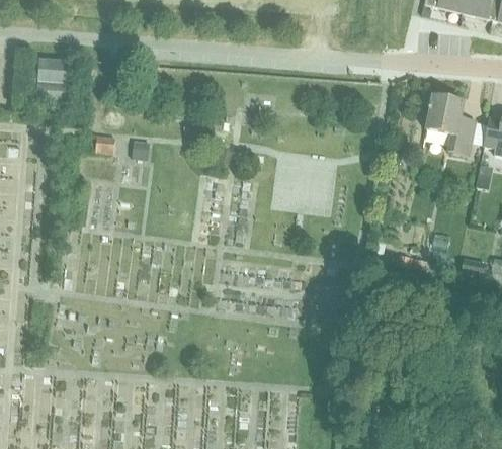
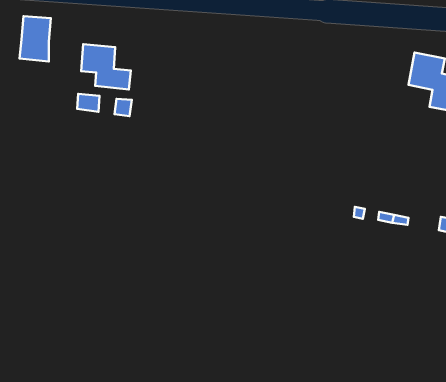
building: none -> [81,44,131,89]

